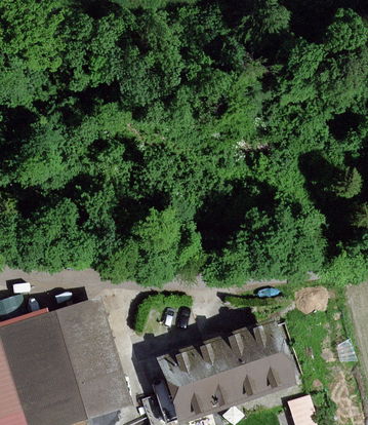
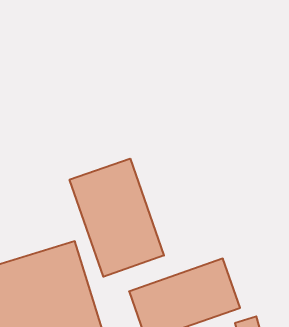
building: none -> [70,159,164,277]

